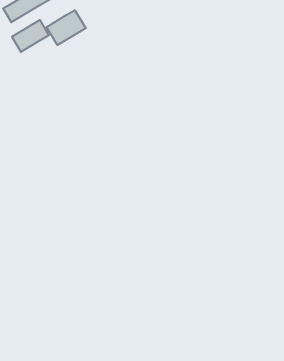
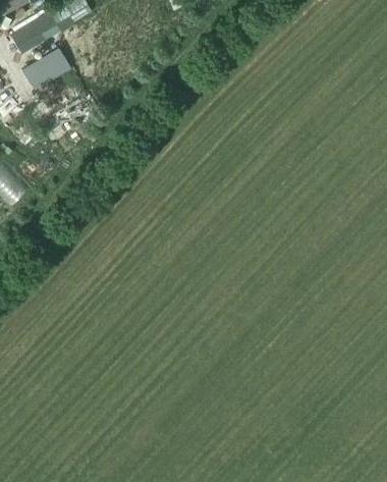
building: [46,10,86,45] -> none

